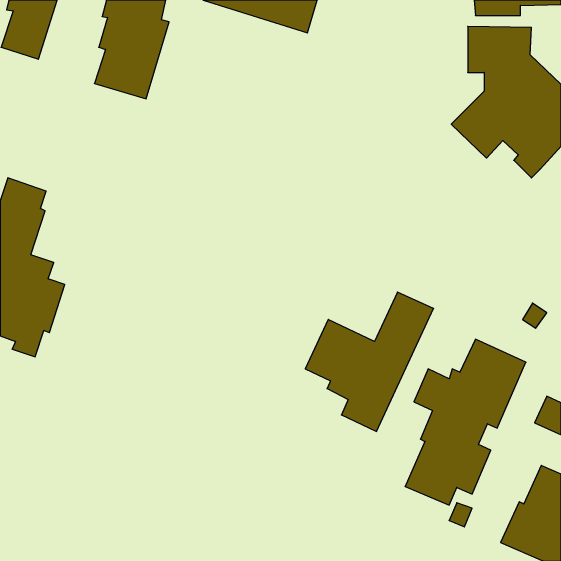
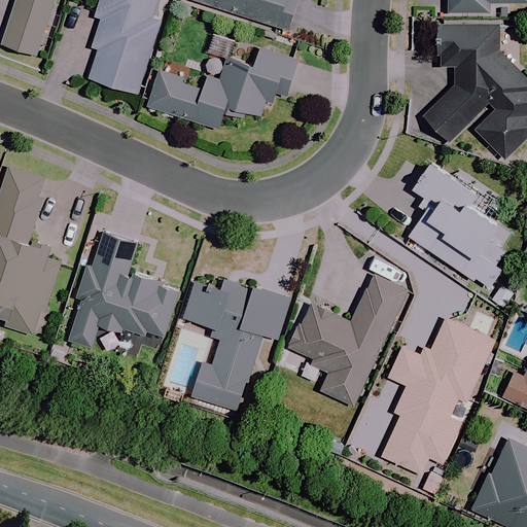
building: none -> [146,47,297,129]
building: none -> [408,163,516,289]
building: none -> [70,234,178,348]
building: none -> [183,280,290,410]

